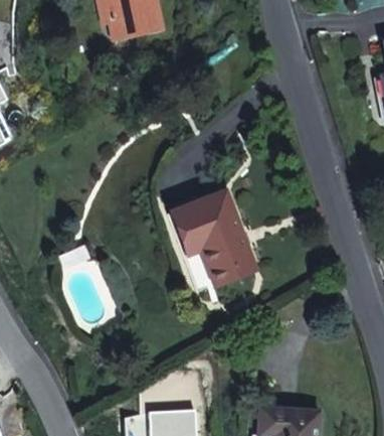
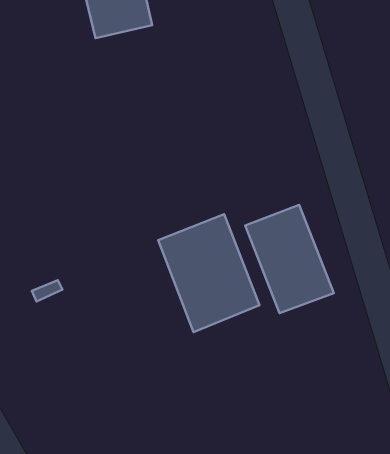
building: none -> [245,205,334,313]

